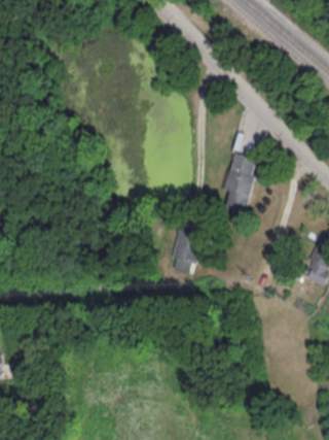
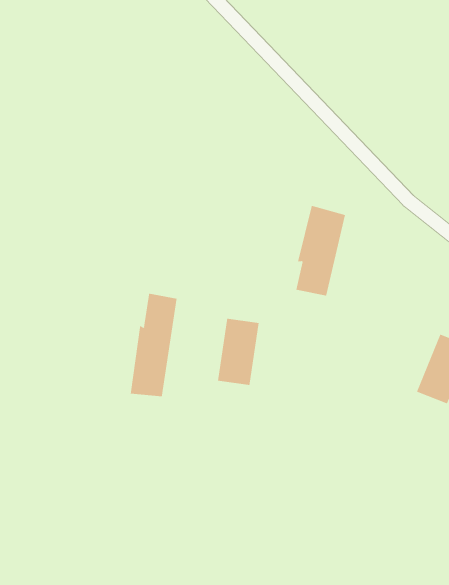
building: none -> [130,293,177,397]

